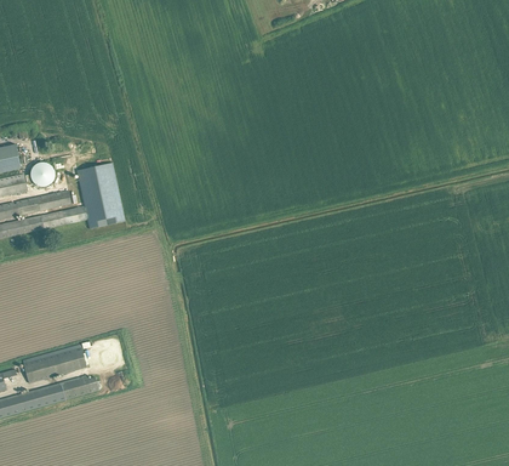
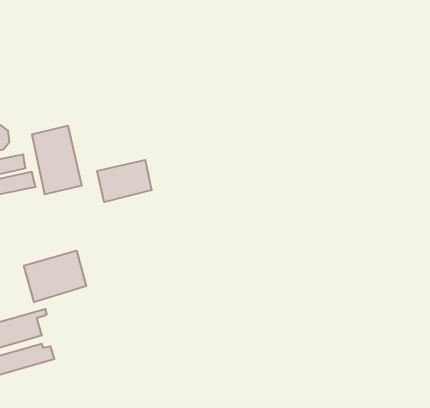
building: none -> [97,160,152,202]
building: none -> [24,251,86,302]

